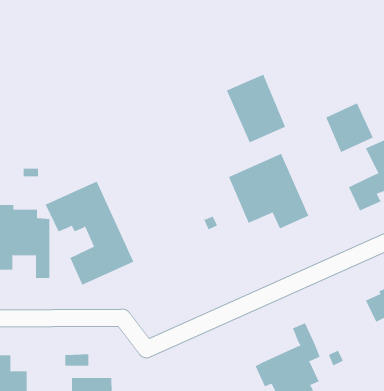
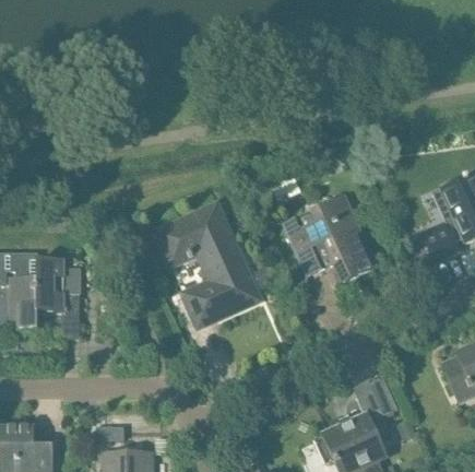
building: [226,74,286,143] -> none
building: [325,103,373,153] -> none
building: [45,181,134,285] -> [154,204,257,324]

